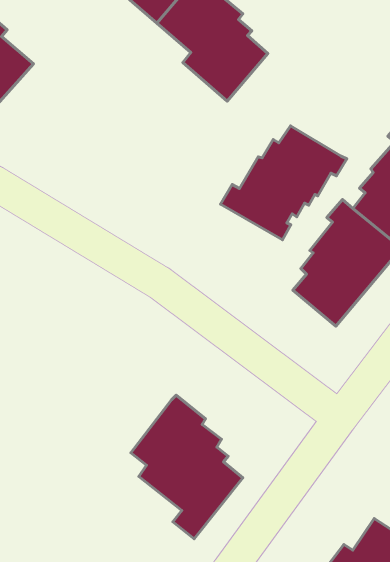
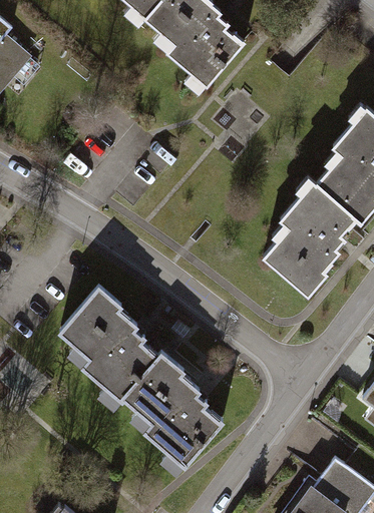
building: [221,126,347,240] -> none
building: none -> [57,287,157,414]

